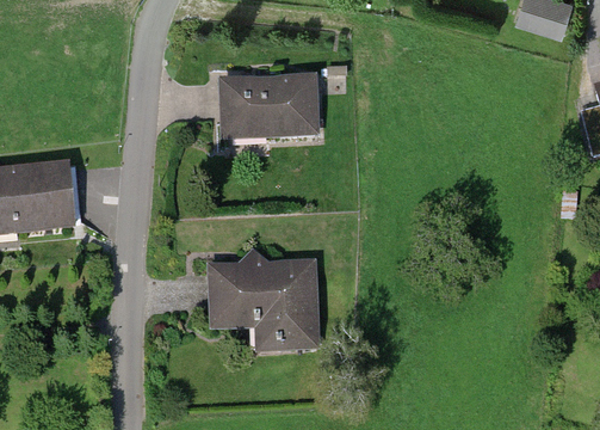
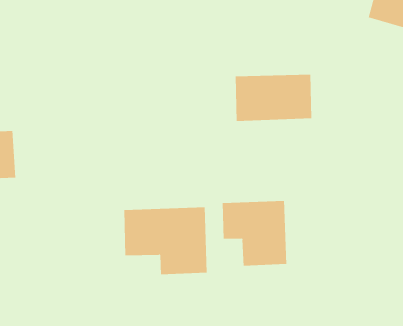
building: [221,78,318,137] -> [235,74,312,121]
building: none -> [222,200,287,267]

